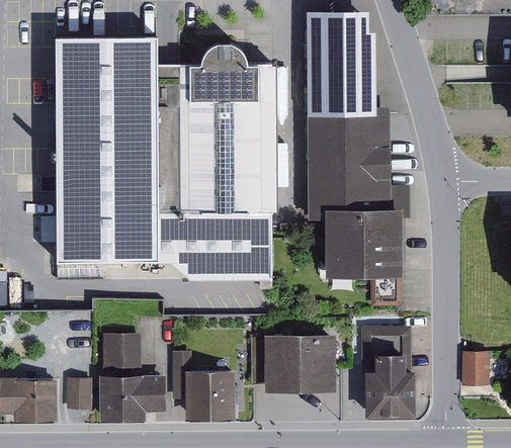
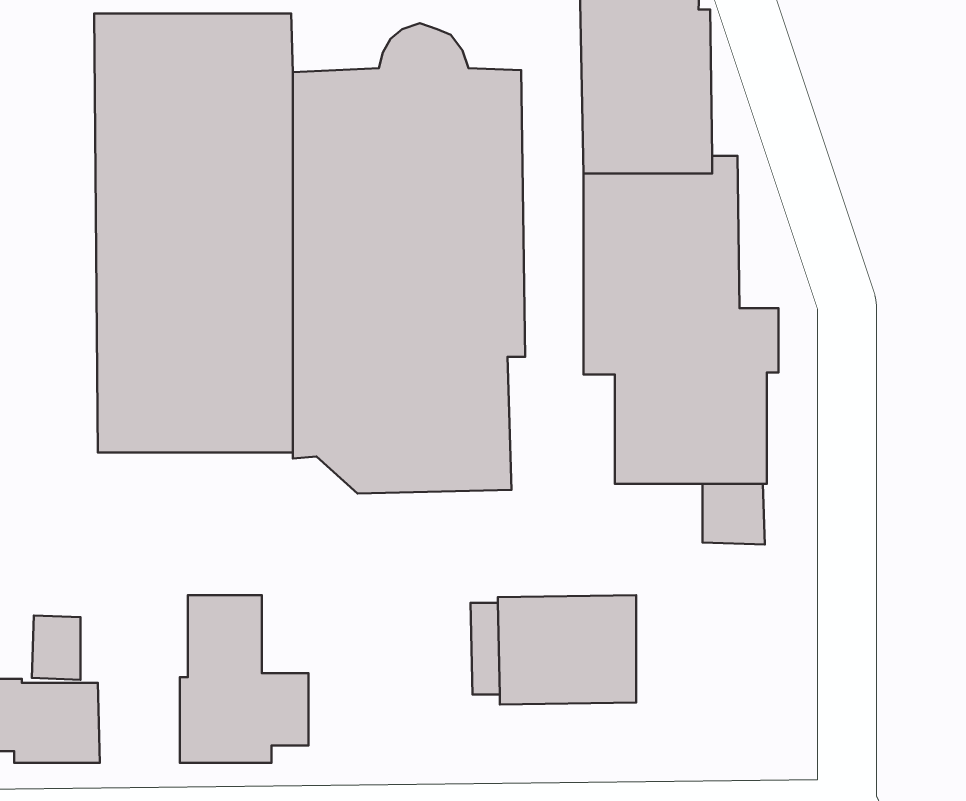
building: [359,327,415,417] -> none
building: [171,353,235,420] -> none
building: [461,353,488,387] -> none
building: [65,378,90,412] -> [32,615,80,680]

